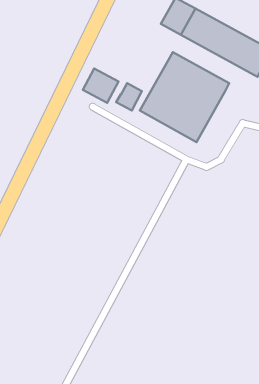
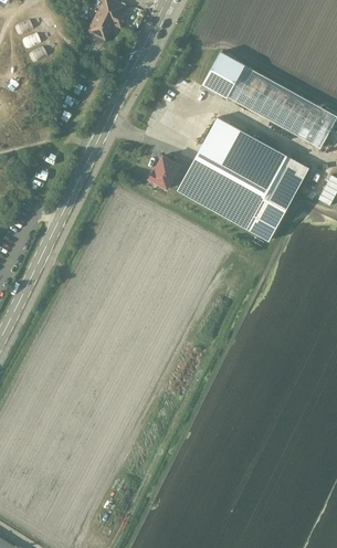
building: [83,69,119,103] -> none
building: none -> [245,165,304,241]

